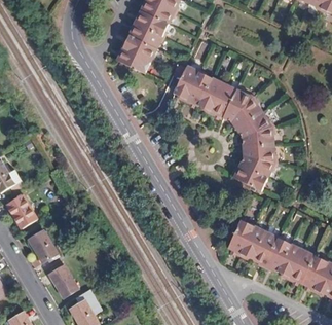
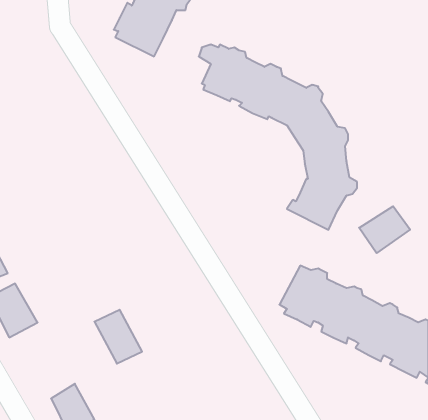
building: none -> [359,206,410,253]
building: [46,263,79,300] -> [94,310,142,364]

